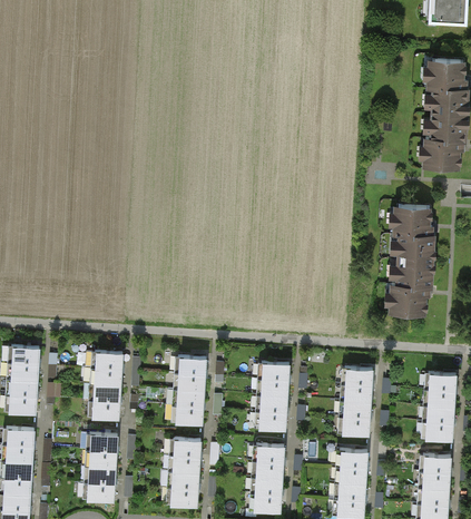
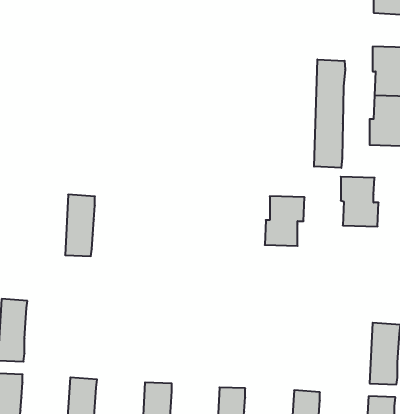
building: none -> [314,59,345,168]
building: [387,263,432,319] -> [265,196,305,246]
building: [90,351,124,420] -> [65,195,95,256]
building: [173,356,207,425] -> none
building: [256,362,290,431] -> none
building: [340,368,373,437] -> none

